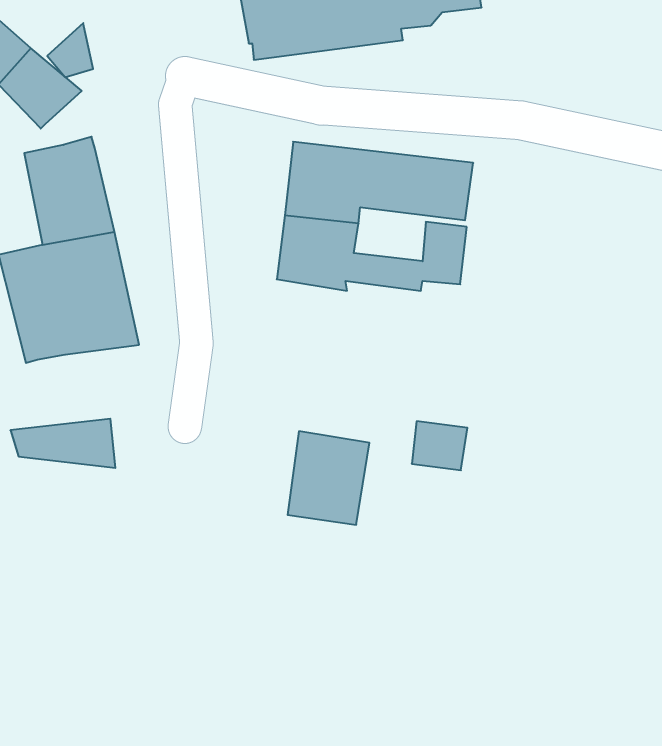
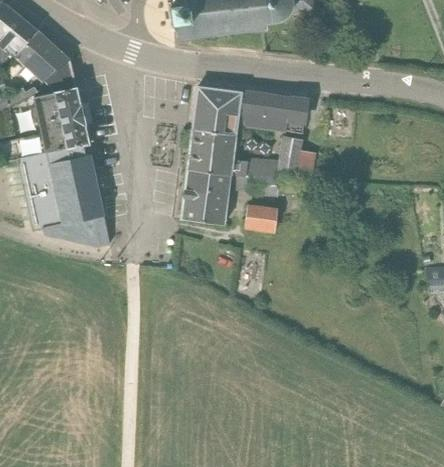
building: [47,23,93,77] -> [47,57,75,90]
building: [10,419,115,468] -> [42,214,106,244]
building: [412,421,467,470] -> [244,205,278,235]
building: [288,431,369,525] -> [181,172,231,229]

